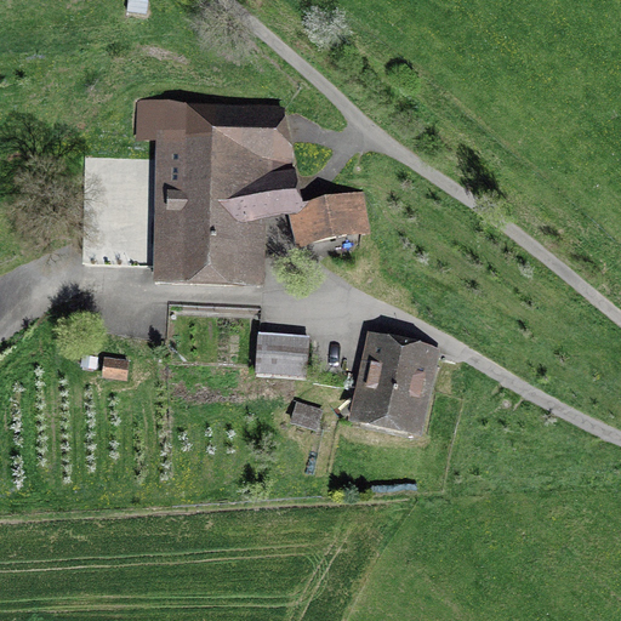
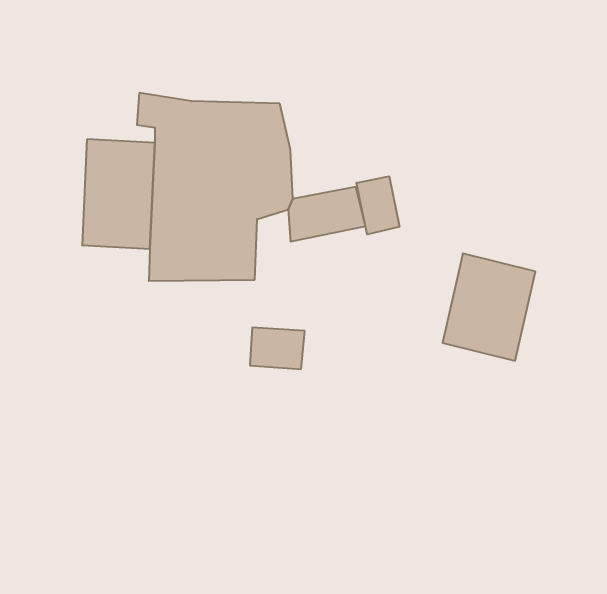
building: none -> [356,176,400,234]
building: [344,329,439,438] -> [443,254,535,361]

